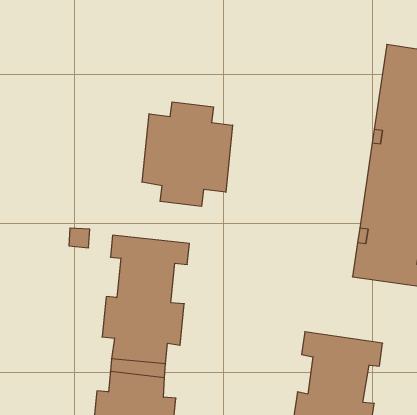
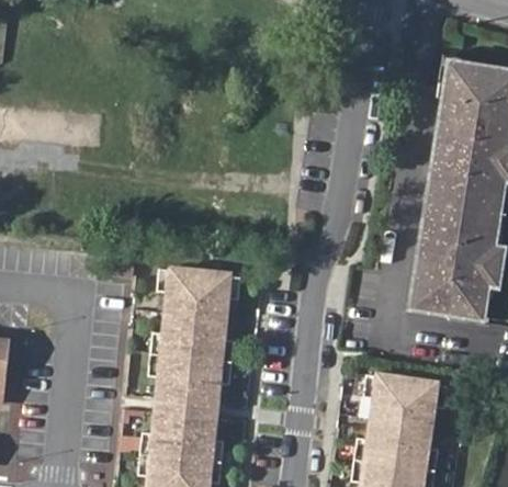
building: [142,102,233,206] -> none

